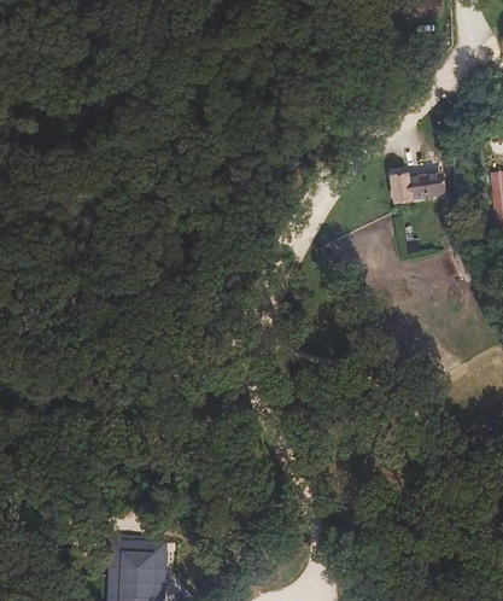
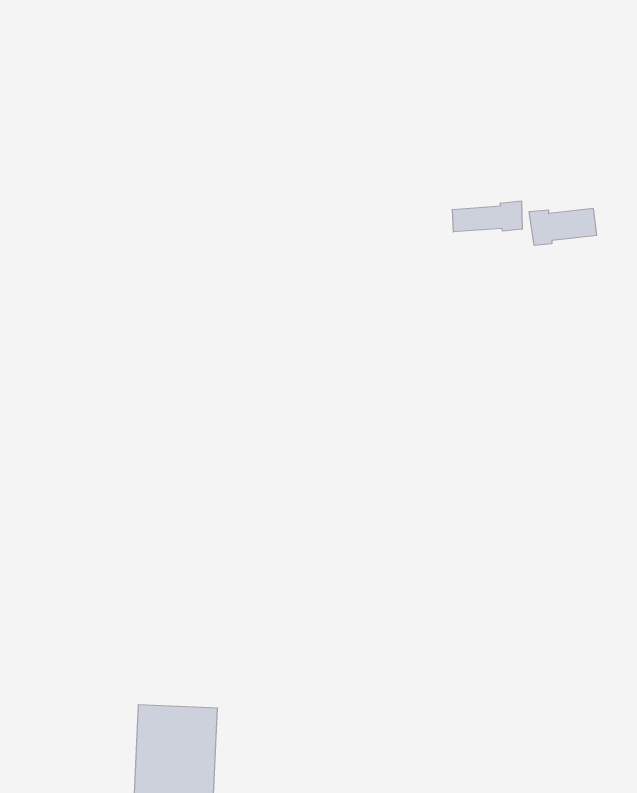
building: none -> [452,201,522,232]

